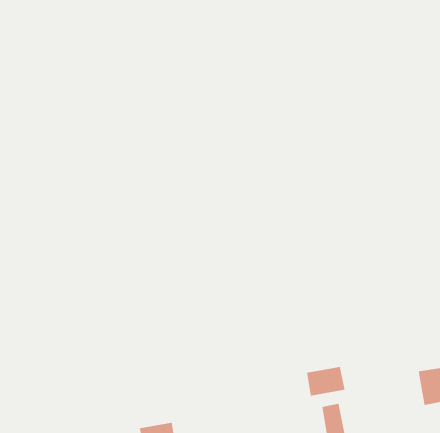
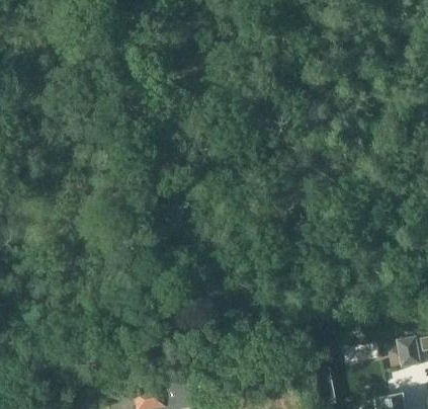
building: [307,366,345,397] -> none

